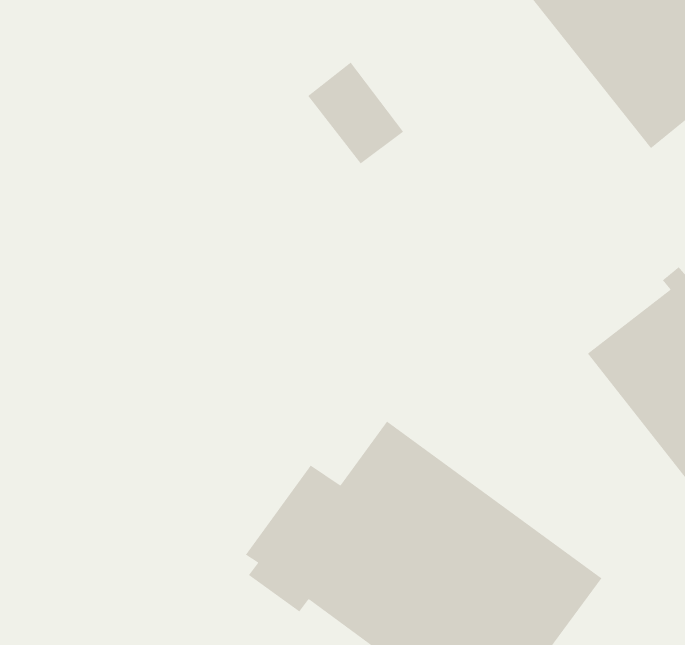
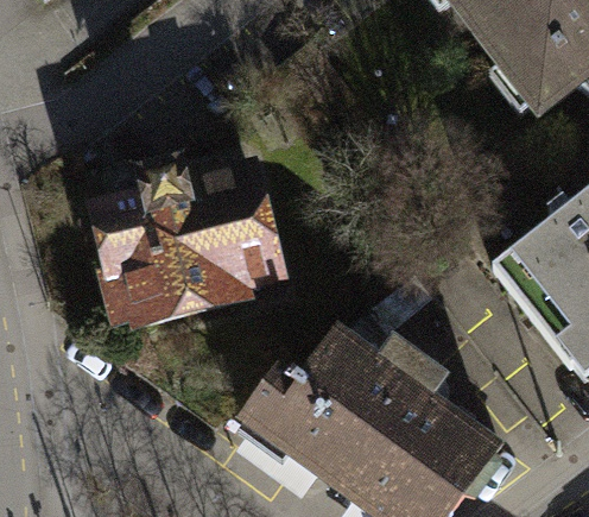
building: none -> [100,174,281,329]

